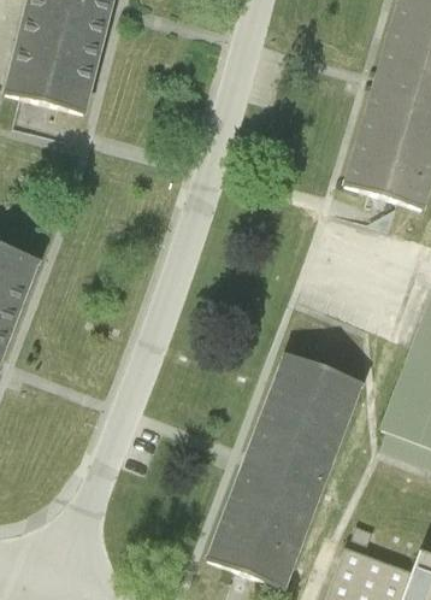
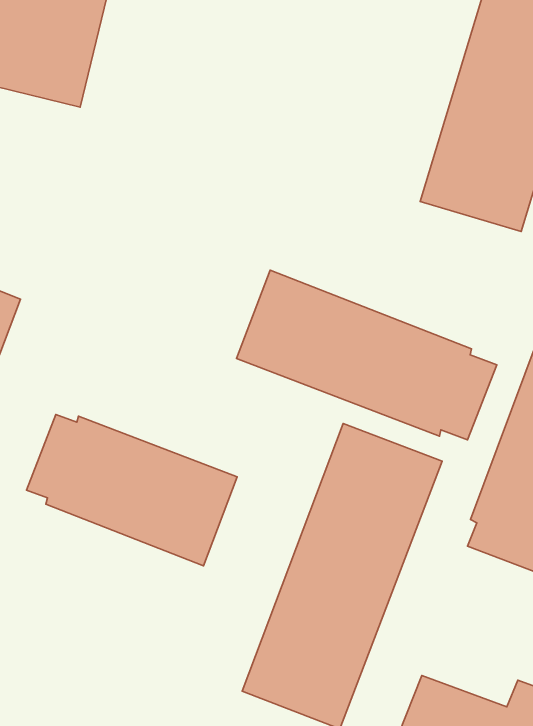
building: none -> [237,270,497,440]
building: none -> [27,415,237,566]

